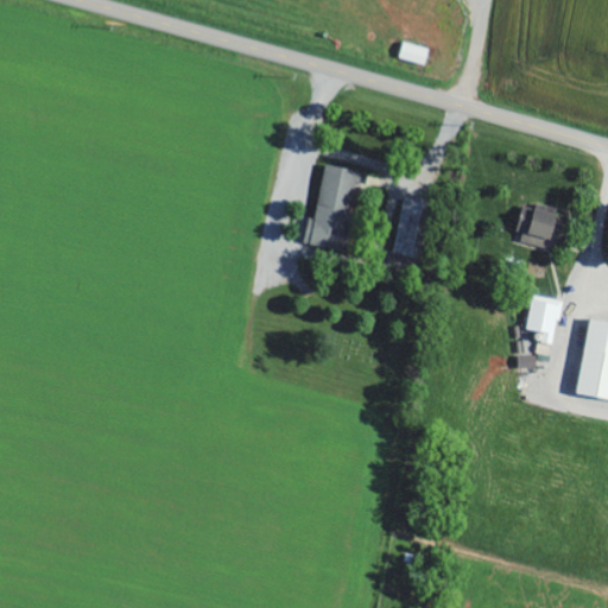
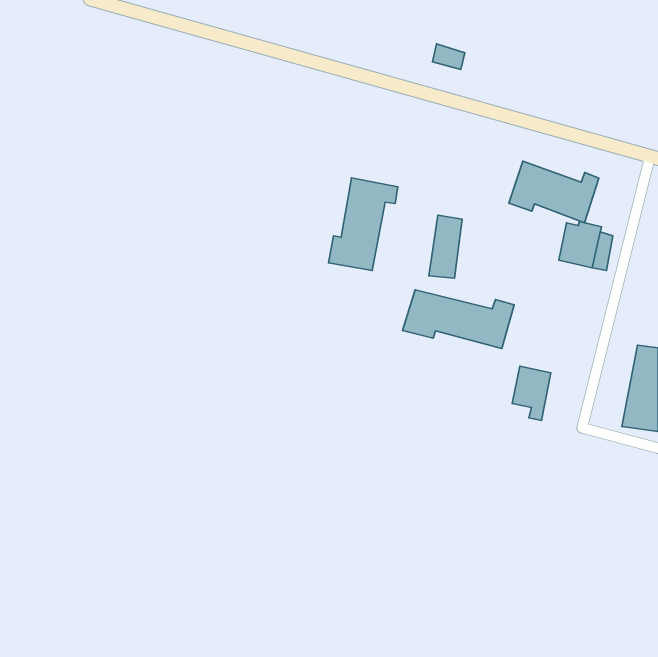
building: none -> [509,161,599,223]
building: none -> [403,290,514,348]
building: [525,294,560,344] -> [512,366,551,420]

